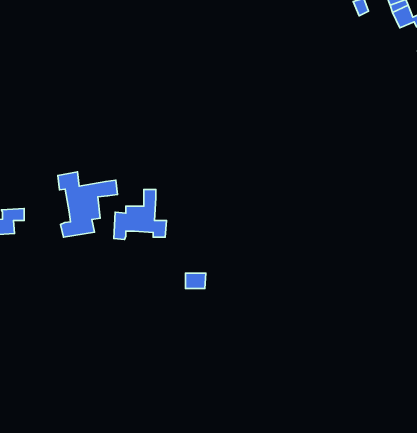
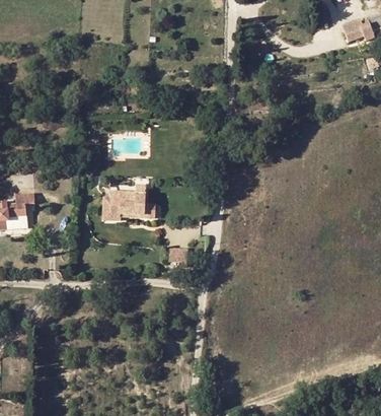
building: [58,172,118,237] -> none

